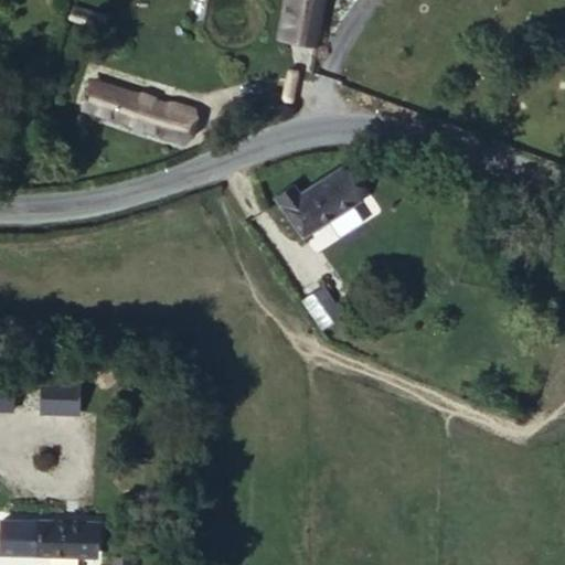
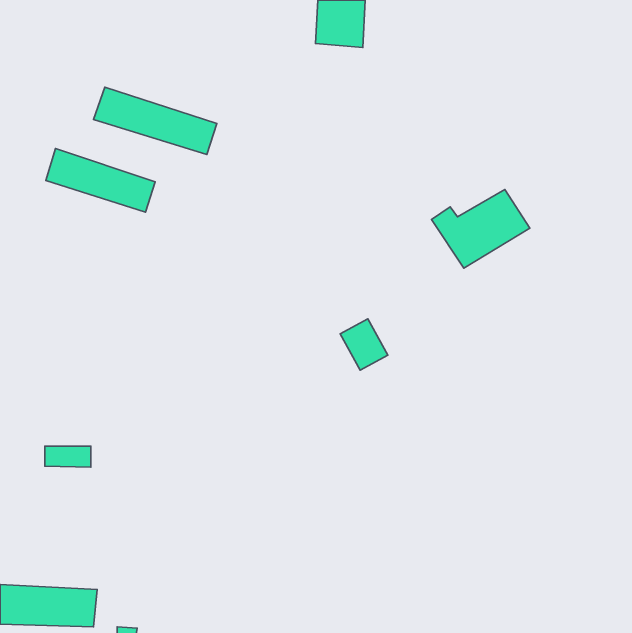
building: none -> [46,149,155,212]
building: [271,170,359,239] -> [431,190,530,268]

